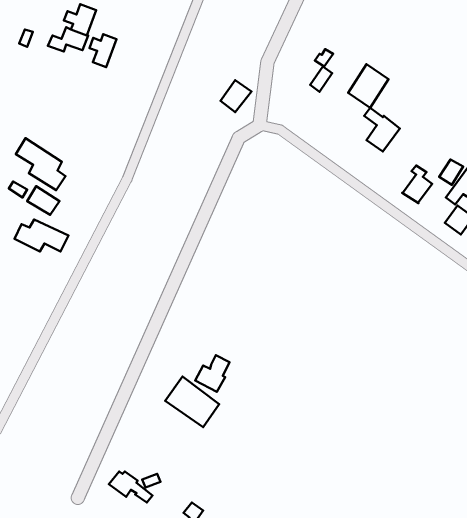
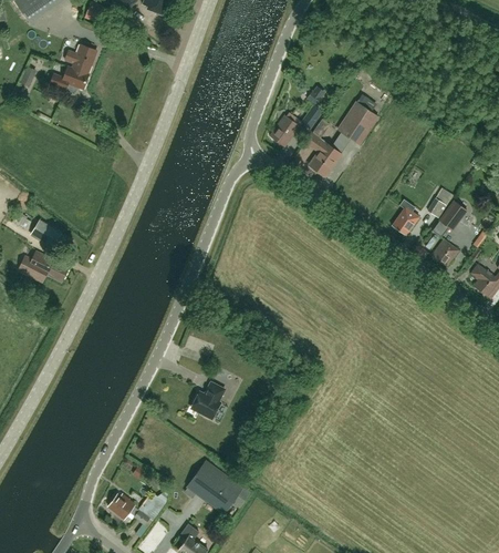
building: [89,34,116,67] -> none
building: [220,80,251,112] -> [270,115,300,146]
building: [364,108,400,152] -> [306,134,341,176]
building: [16,138,66,190] -> none
building: [165,377,219,427] -> [190,460,242,509]

